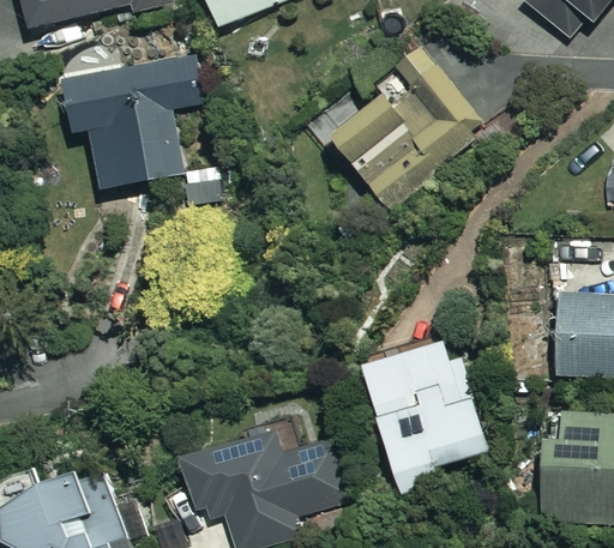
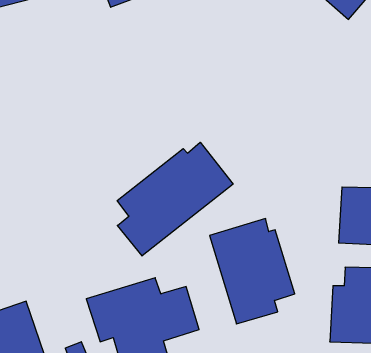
building: [301,43,487,203] -> none
building: [62,55,201,187] -> none
building: none -> [117,142,233,256]

